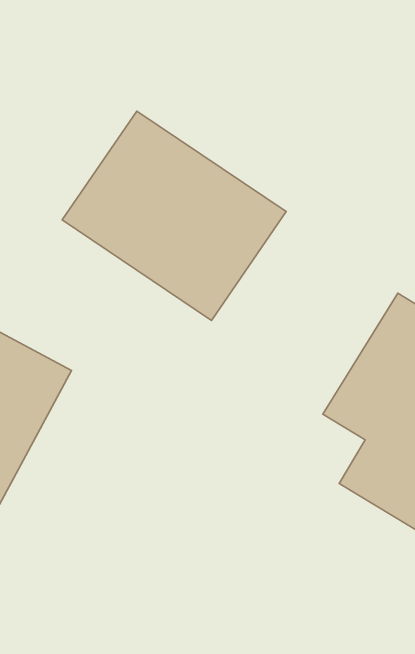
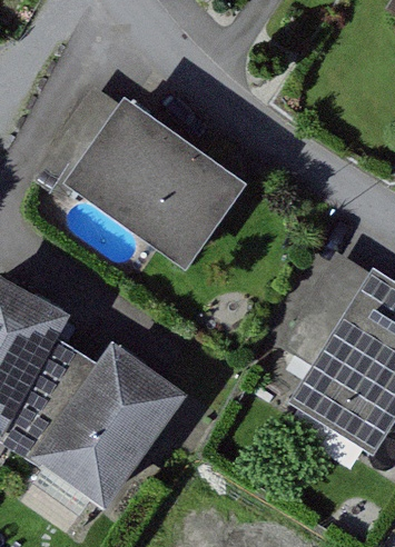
building: none -> [39,338,197,509]

